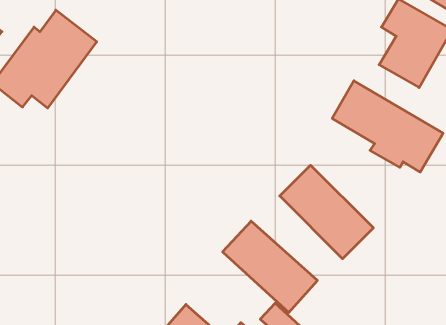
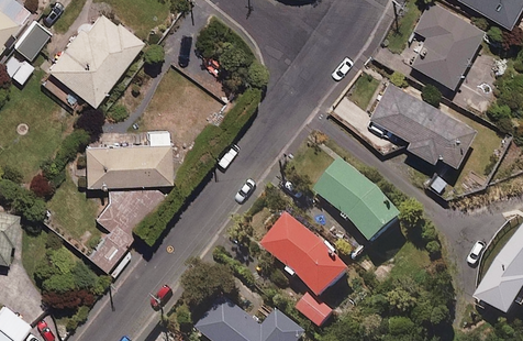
building: none -> [84,128,170,271]

